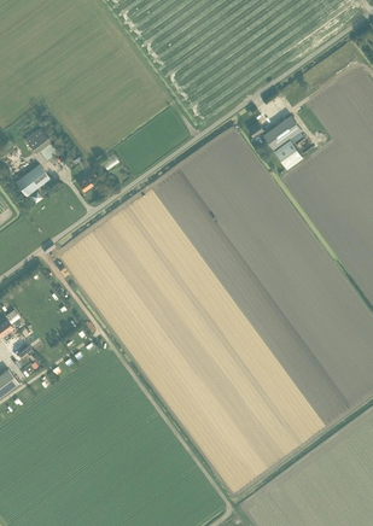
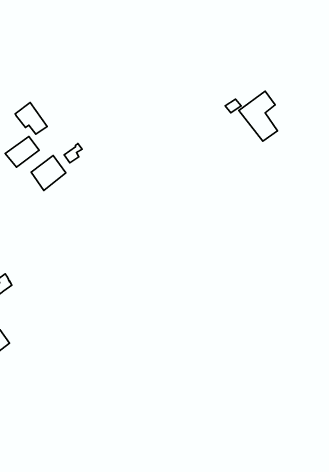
building: none -> [31,156,66,190]

